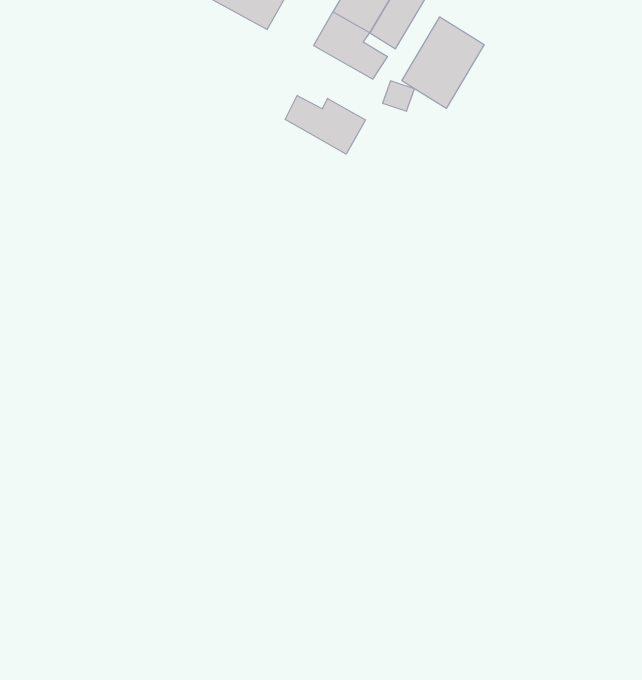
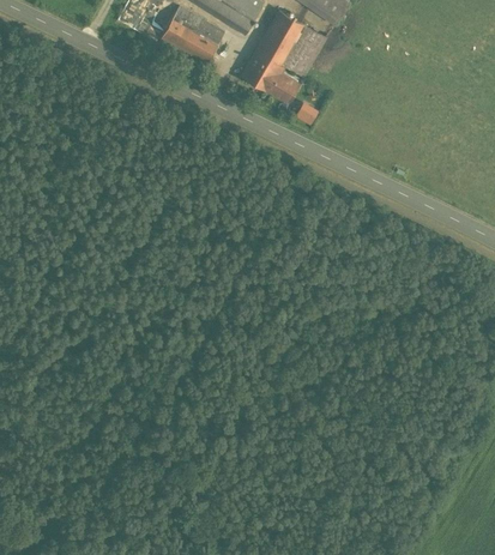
building: [402,17,484,108] -> none
building: [285,95,365,154] -> none

